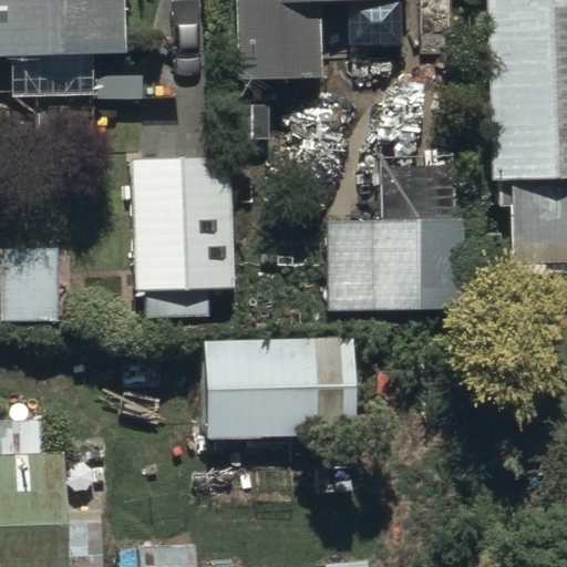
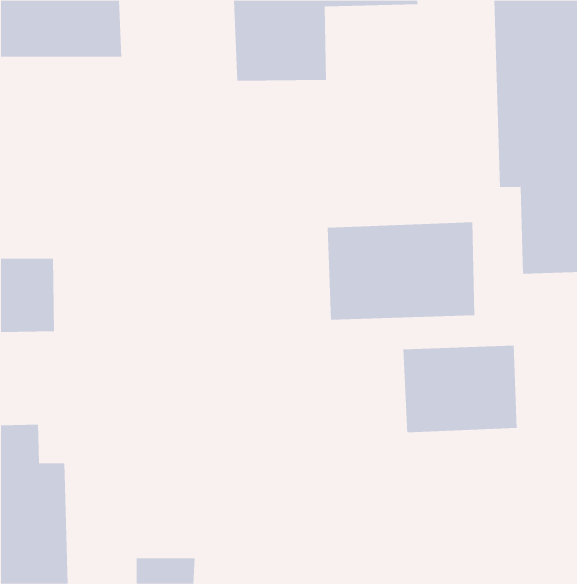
building: [132,158,236,293] -> none
building: none -> [403,345,517,433]
building: [205,339,358,439] -> none

